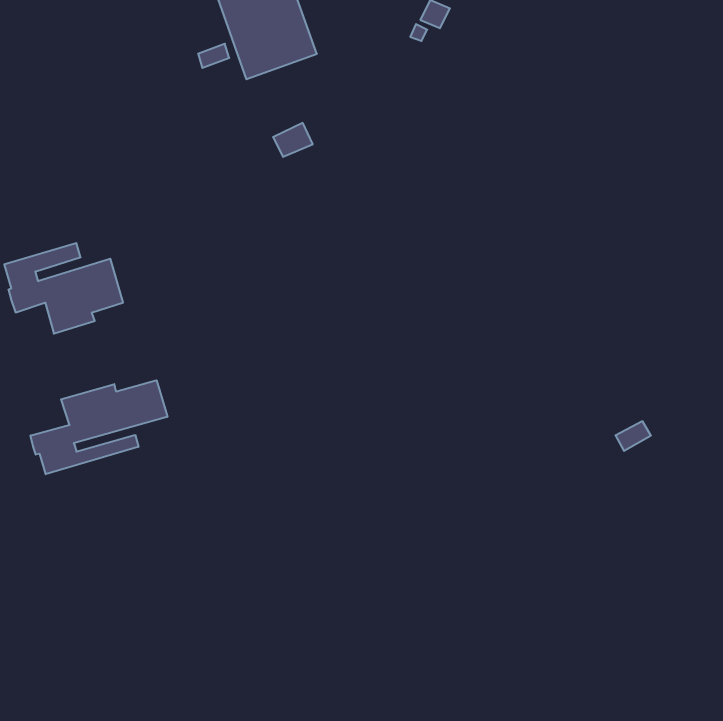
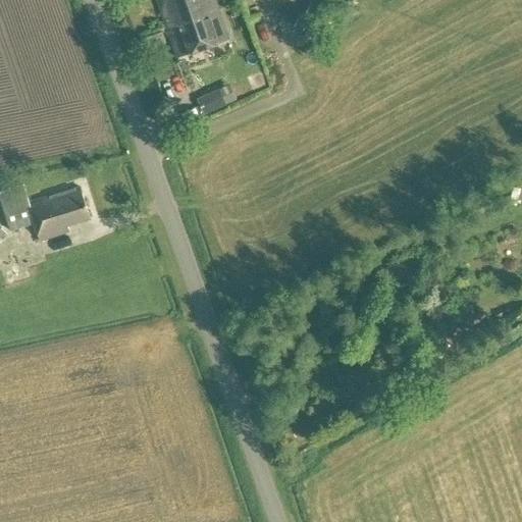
building: [31,380,167,474] -> none

